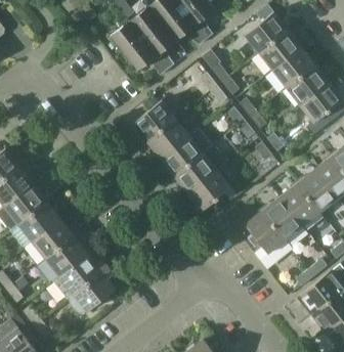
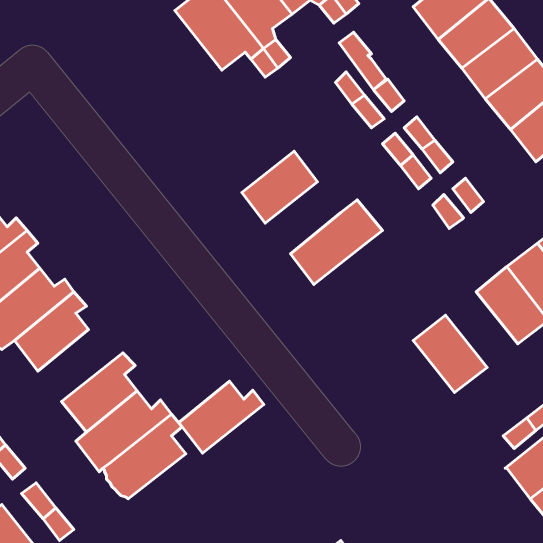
building: [132,100,176,141] -> none
building: [160,128,212,176] -> none
building: [187,170,231,211] -> none
building: [262,197,303,240] -> none
building: [31,219,79,260] -> [179,381,264,453]

